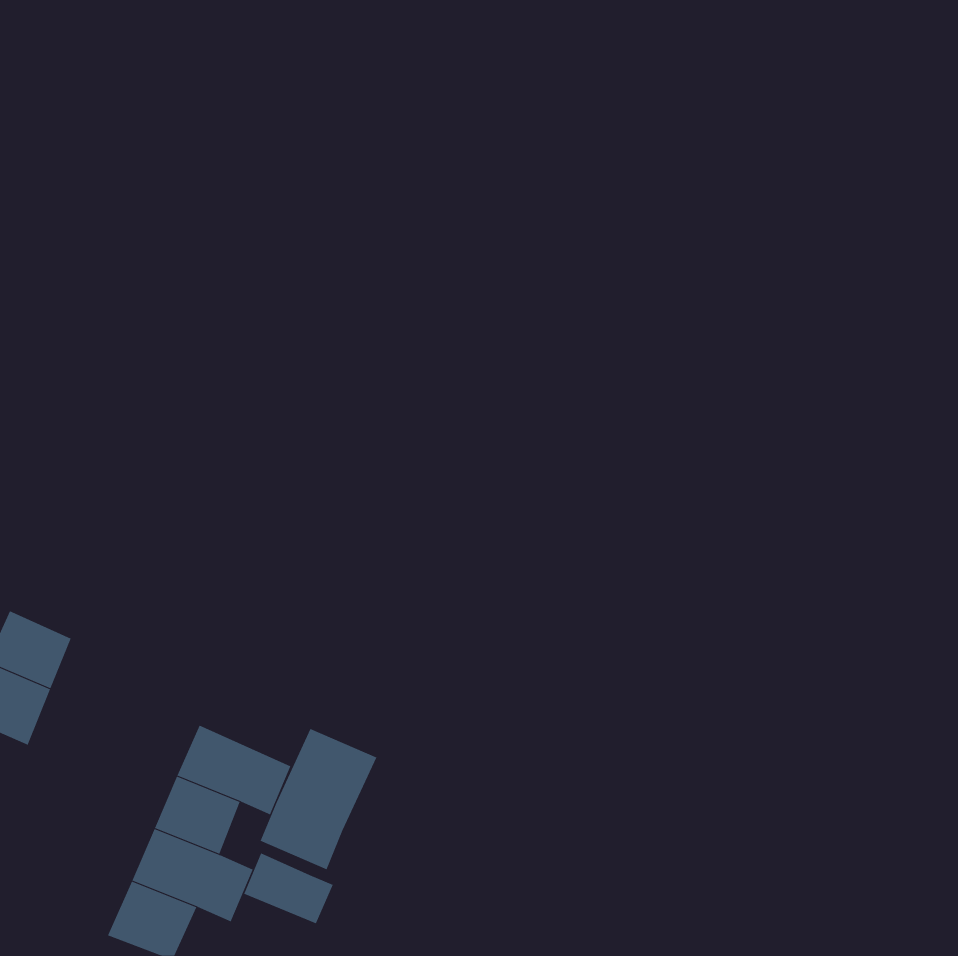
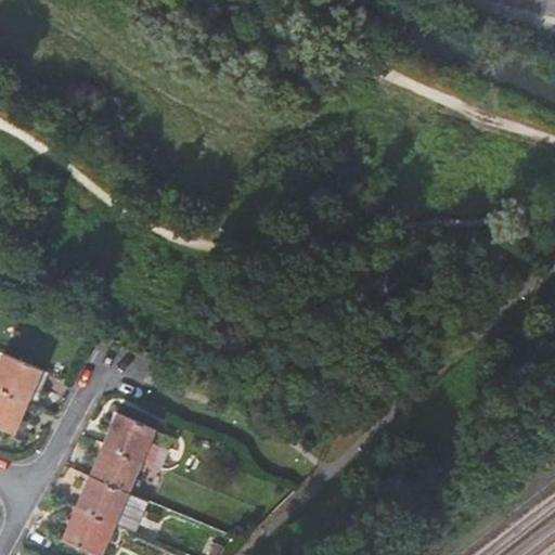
building: [260,728,377,870] -> none
building: [243,852,334,924] -> none

